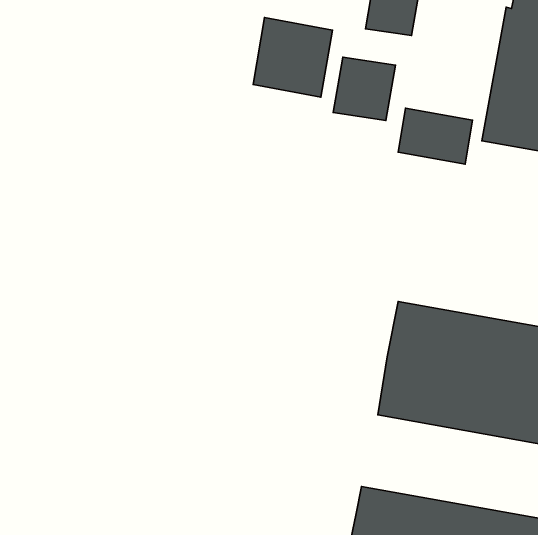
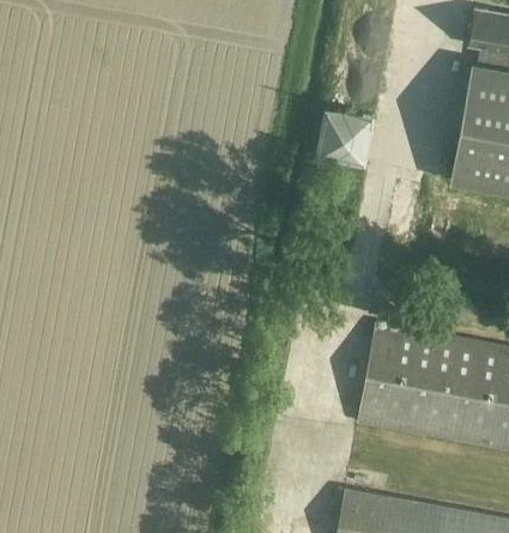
building: [253,18,332,97] -> none
building: [398,108,473,164] -> none

